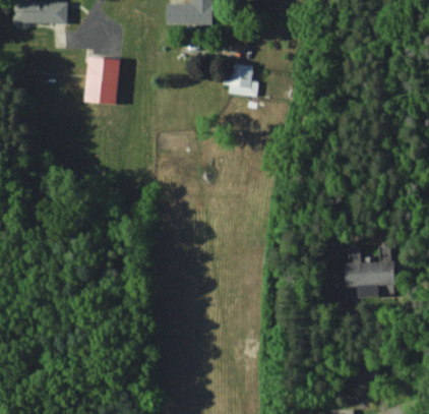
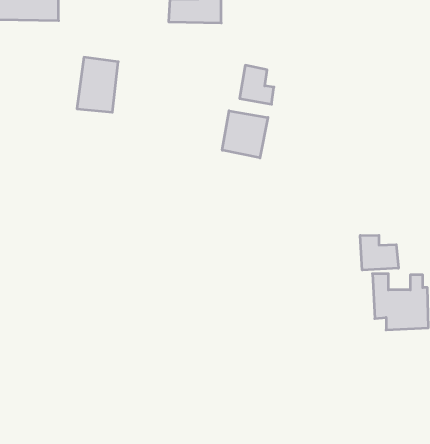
building: none -> [222,111,268,158]
building: none -> [360,235,398,270]

